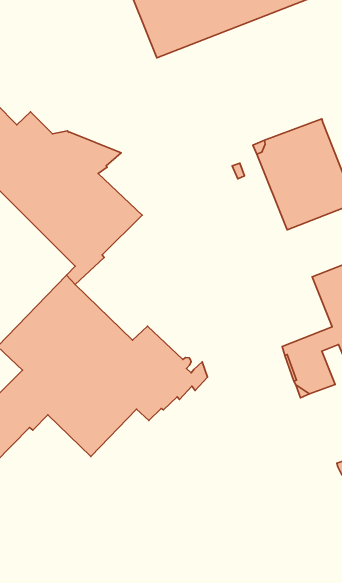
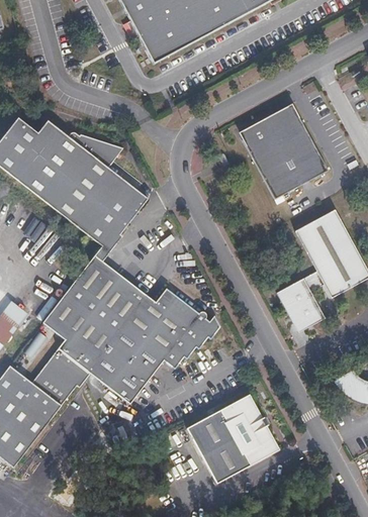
building: none -> [188,400,278,487]

